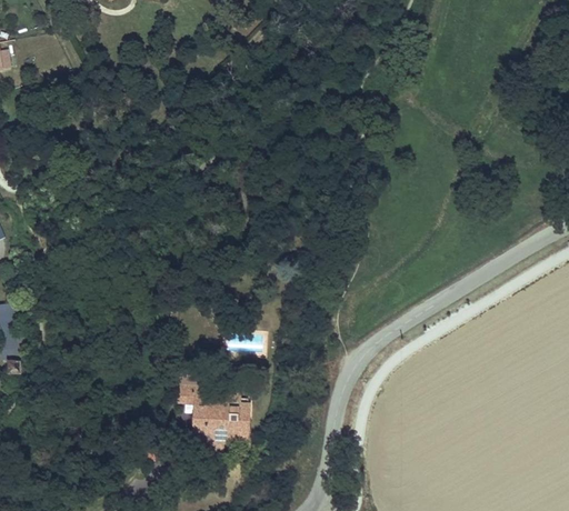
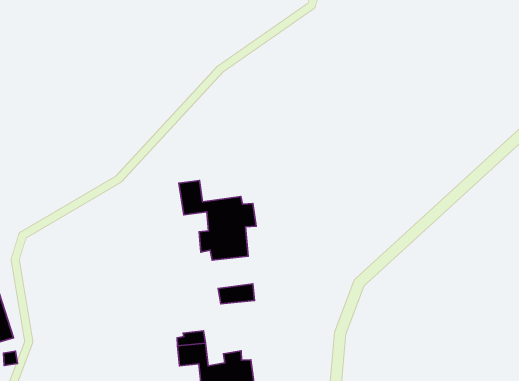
building: none -> [179,180,256,260]

